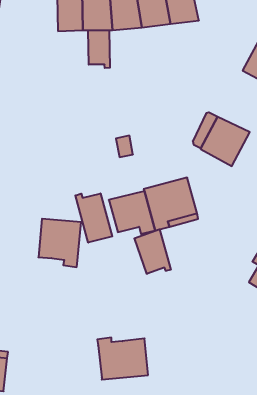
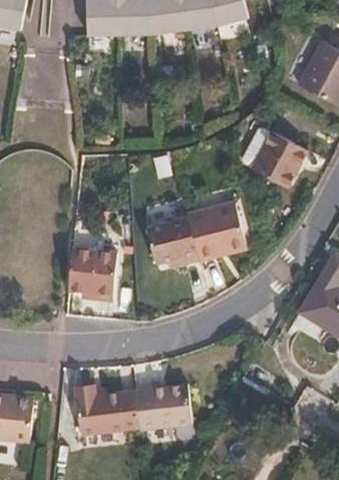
building: [88,30,110,68] -> none
building: [75,193,112,243] -> none
building: [134,229,171,274] -> none
building: none -> [75,388,139,432]

